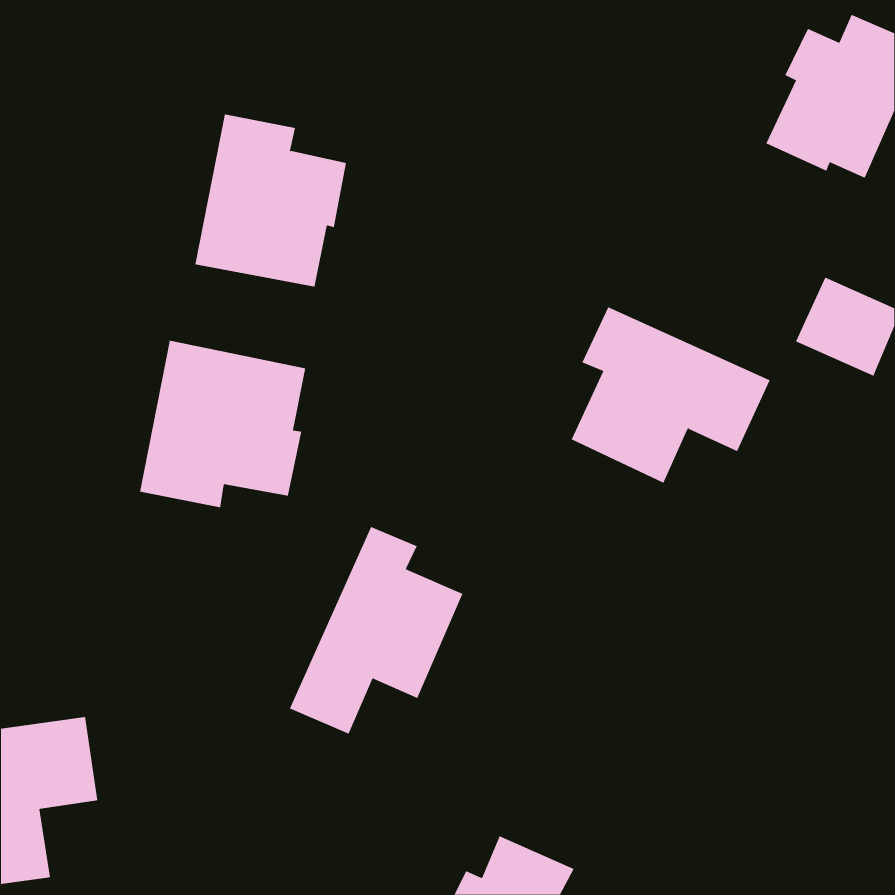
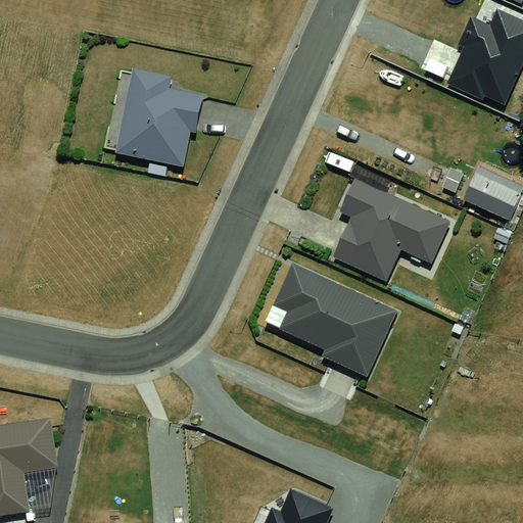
building: [139,340,306,508] -> none
building: none -> [273,264,397,376]
building: [289,526,463,735] -> none

